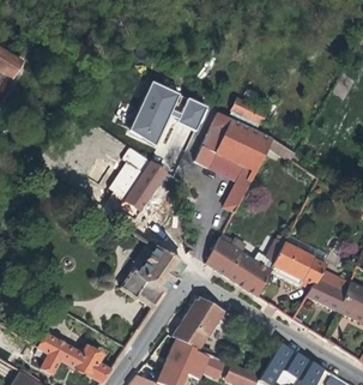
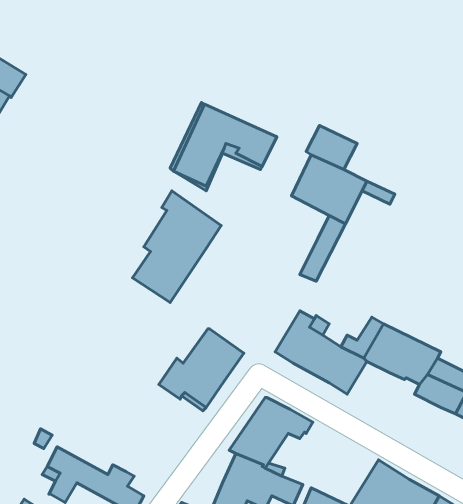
building: [194,113,244,181] -> none

